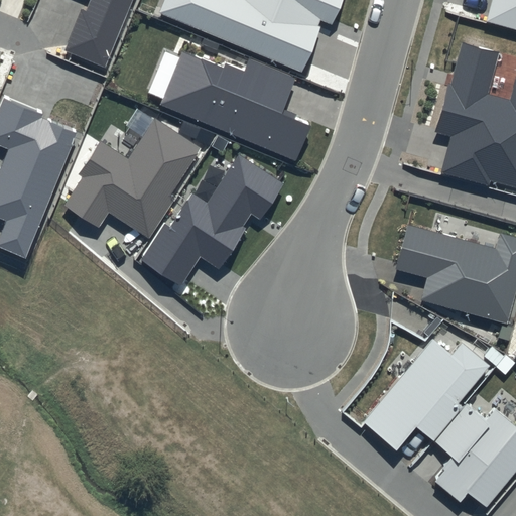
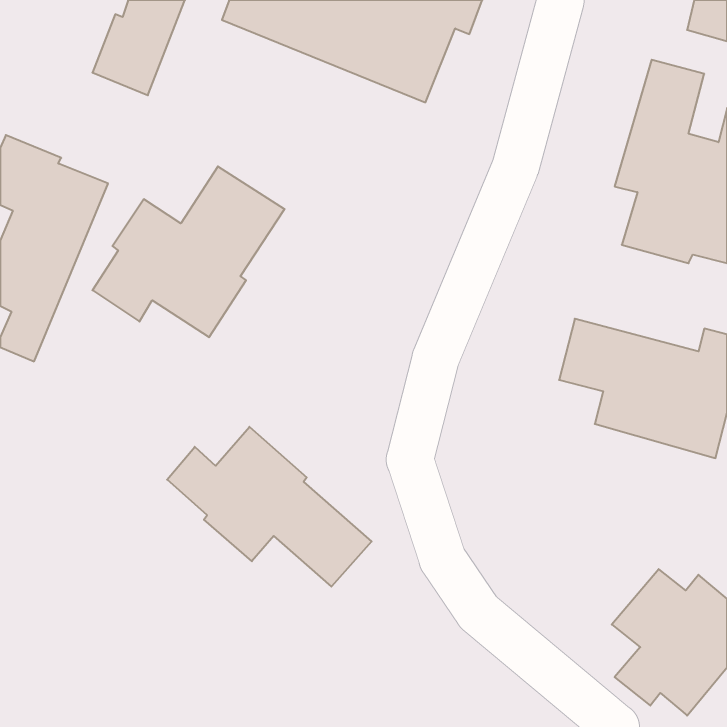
building: [159,51,312,162] -> none
building: [142,154,284,284] -> none
building: none -> [167,427,372,587]
building: [363,339,490,450] -> none

